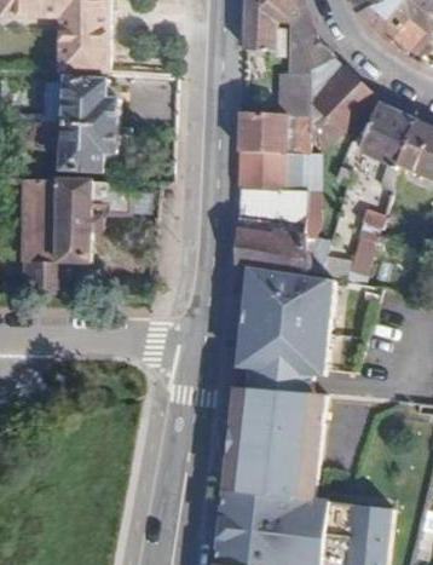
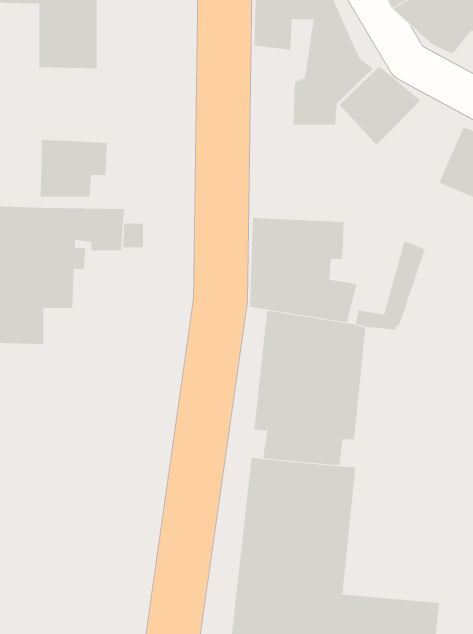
building: [46,81,116,127] -> none
building: [353,96,412,161] -> none
building: [237,115,316,194] -> none

